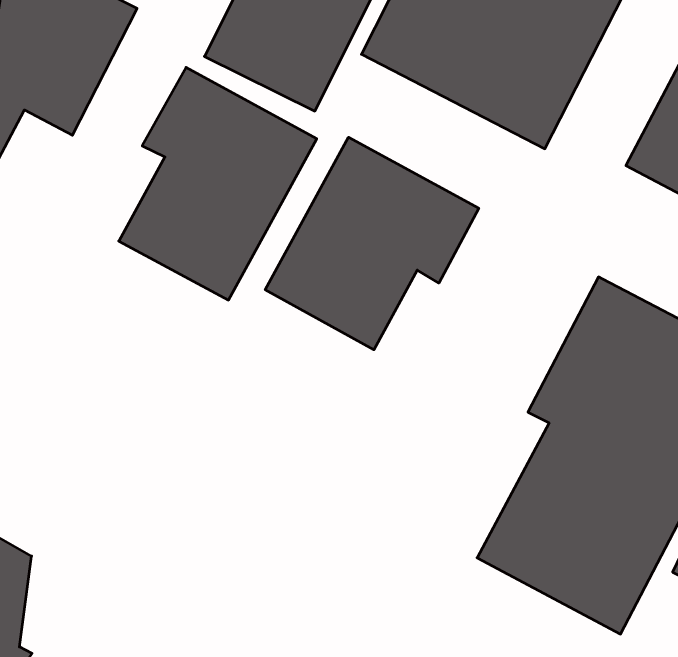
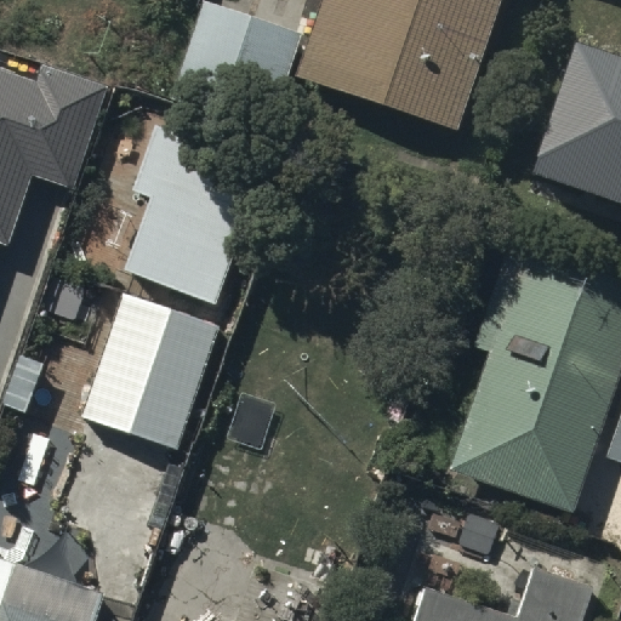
building: [265,137,479,350] -> none
building: none -> [81,298,218,455]

